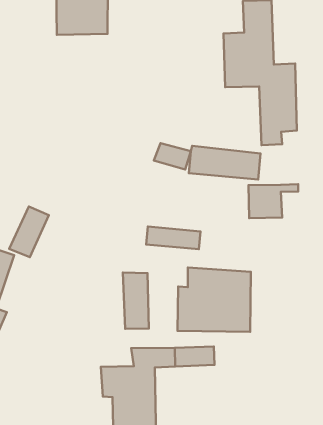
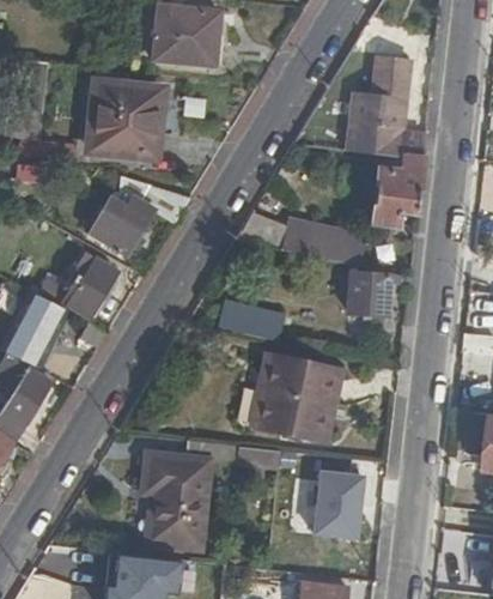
building: none -> [91,86,158,159]
building: none -> [87,186,191,256]
building: [123,273,149,329] -> none
building: none -> [311,468,363,539]

